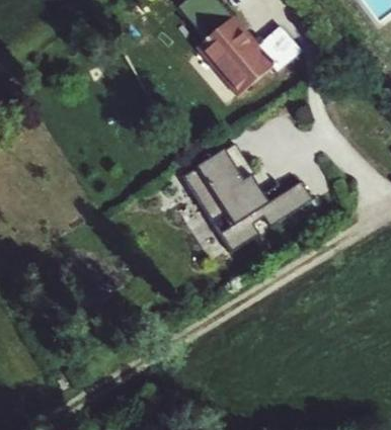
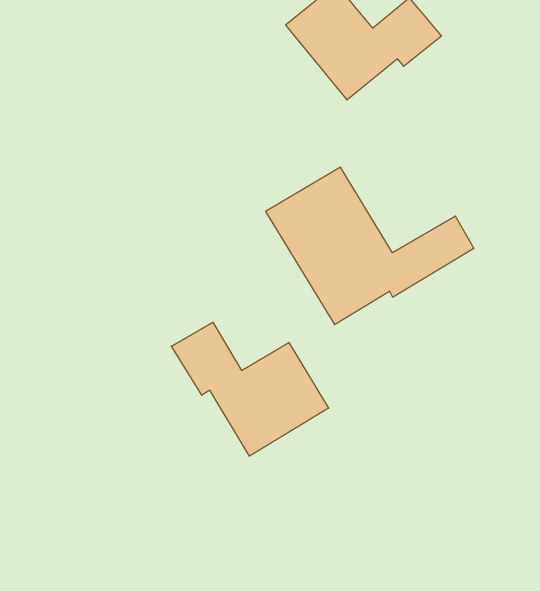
building: none -> [171,322,329,456]

